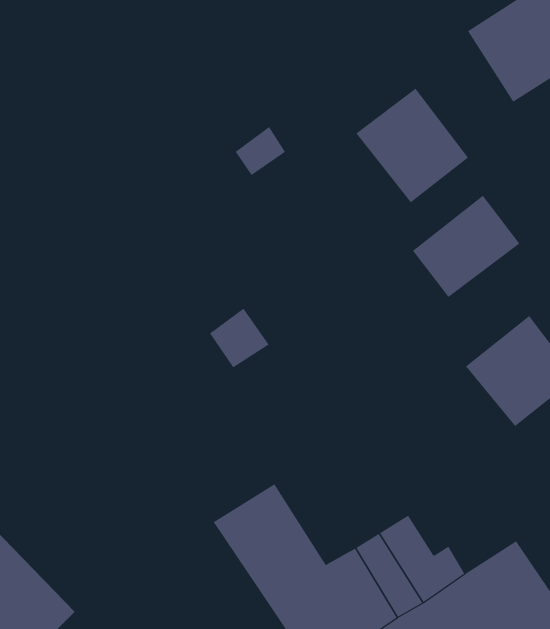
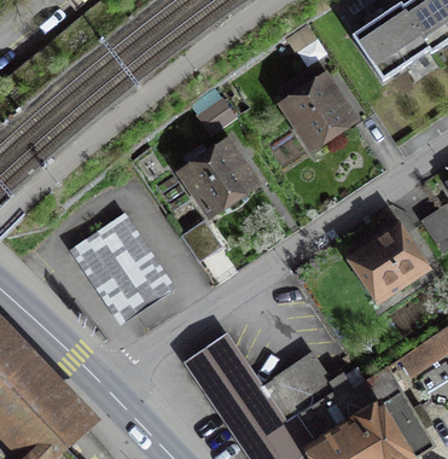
building: [412,195,520,298] -> none
building: none -> [185,144,251,209]
building: none -> [69,211,173,321]

